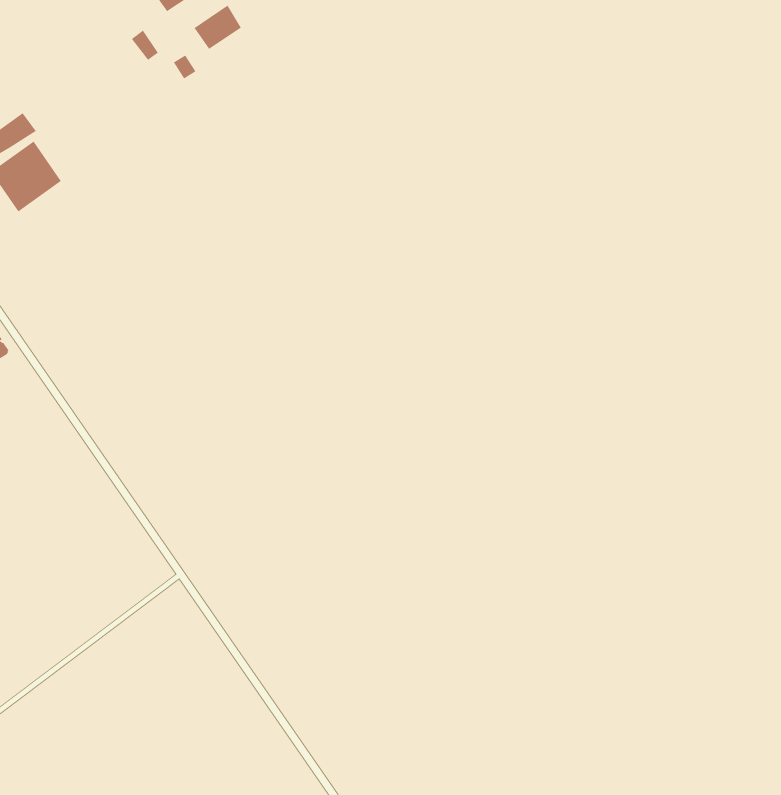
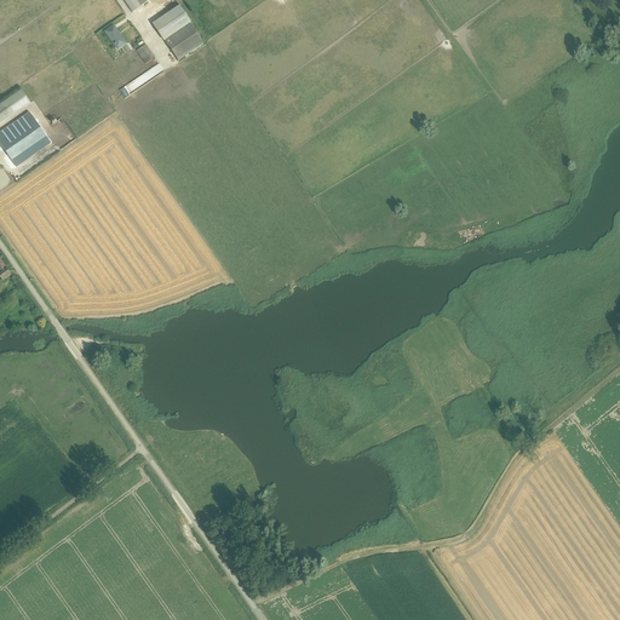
building: none -> [162,22,201,58]

